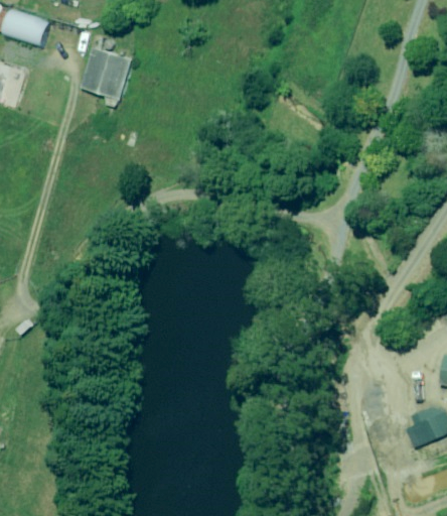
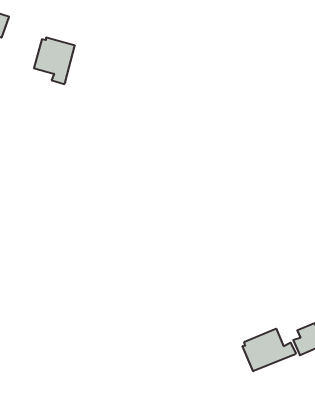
building: none -> [243,329,296,371]

